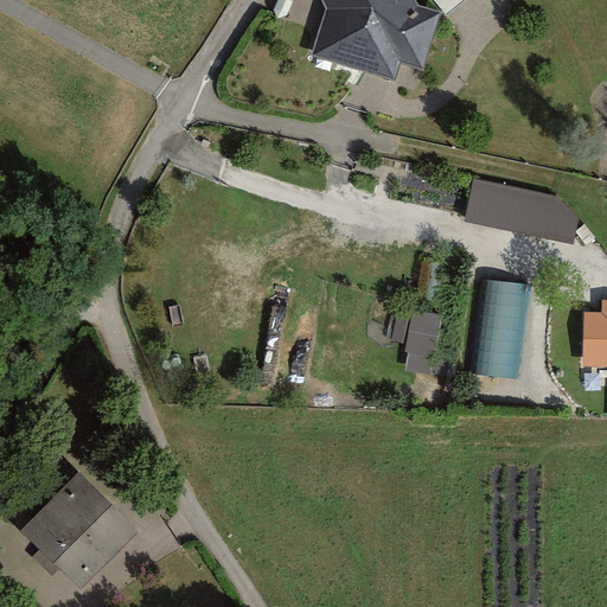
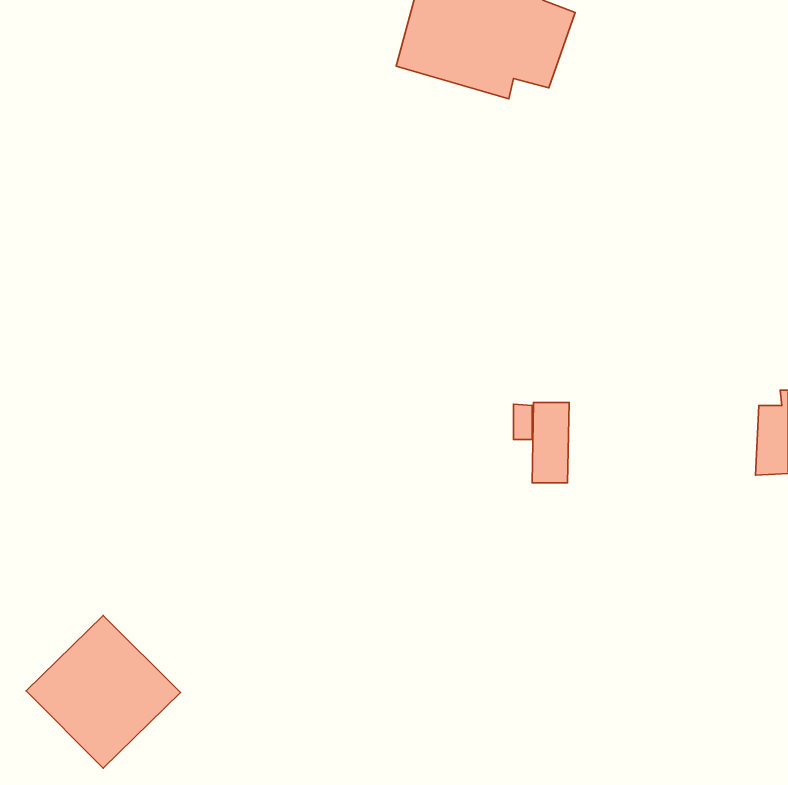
building: [464,179,577,243] -> none
building: [474,281,526,381] -> none

